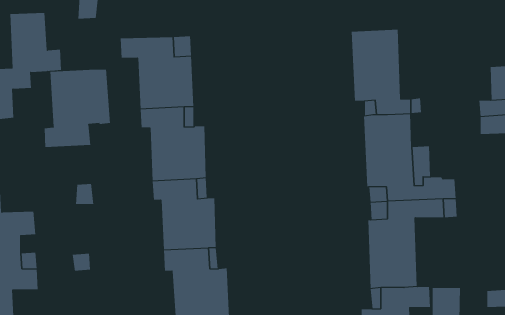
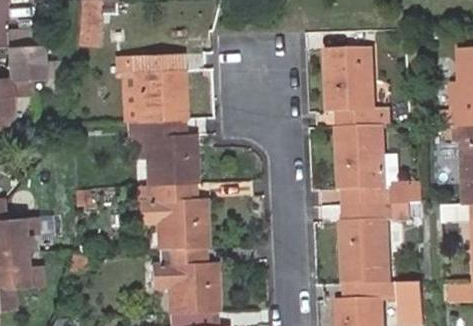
building: [44,69,111,148] -> none

